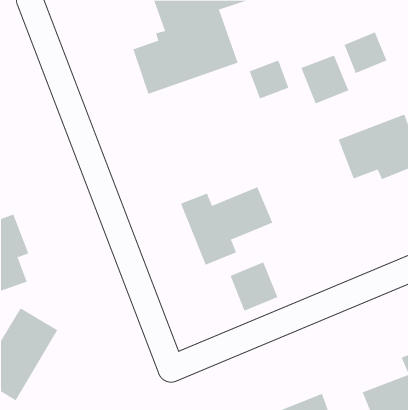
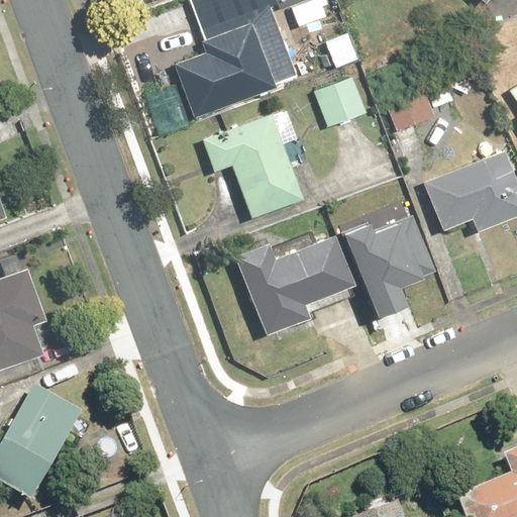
building: [344,32,387,74] -> none
building: none -> [201,117,298,216]
building: none -> [345,212,437,311]
building: [230,261,278,311] -> none

